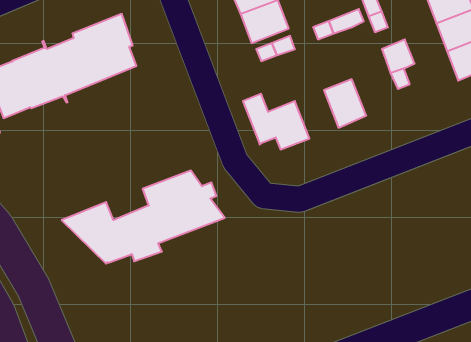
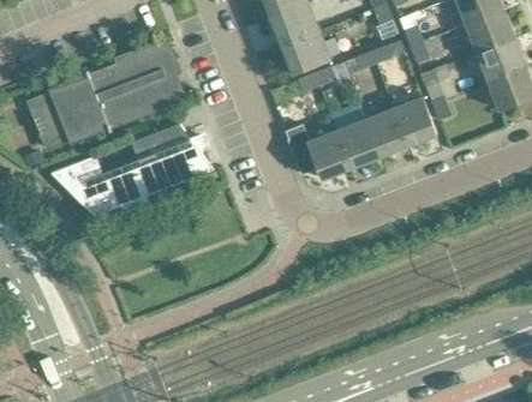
building: none -> [393,97,436,145]
building: none -> [336,120,379,168]
building: [62,171,225,264] -> [50,124,213,216]

